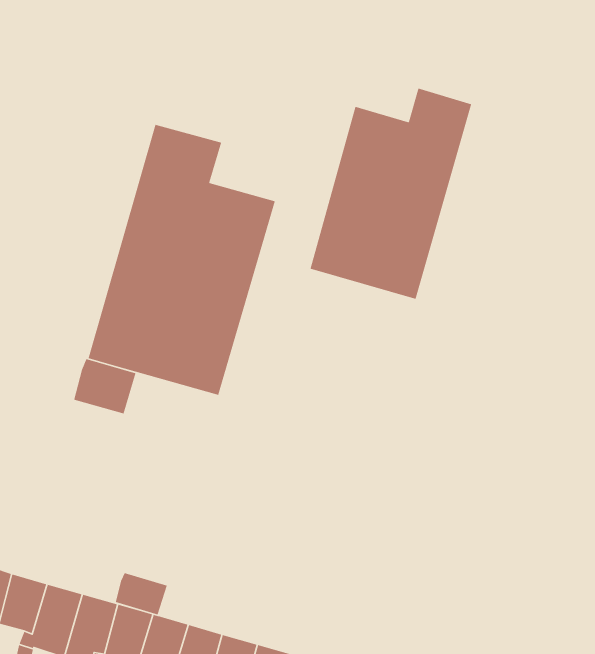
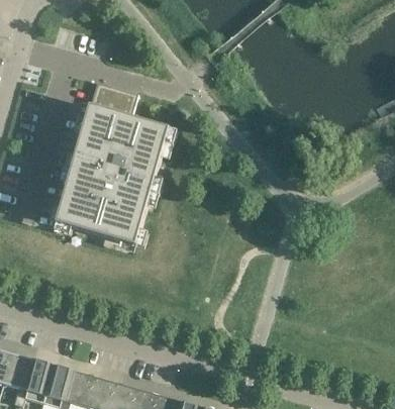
building: [309,88,472,300] -> none
building: [73,358,137,415] -> none
building: [115,572,168,615] -> none

